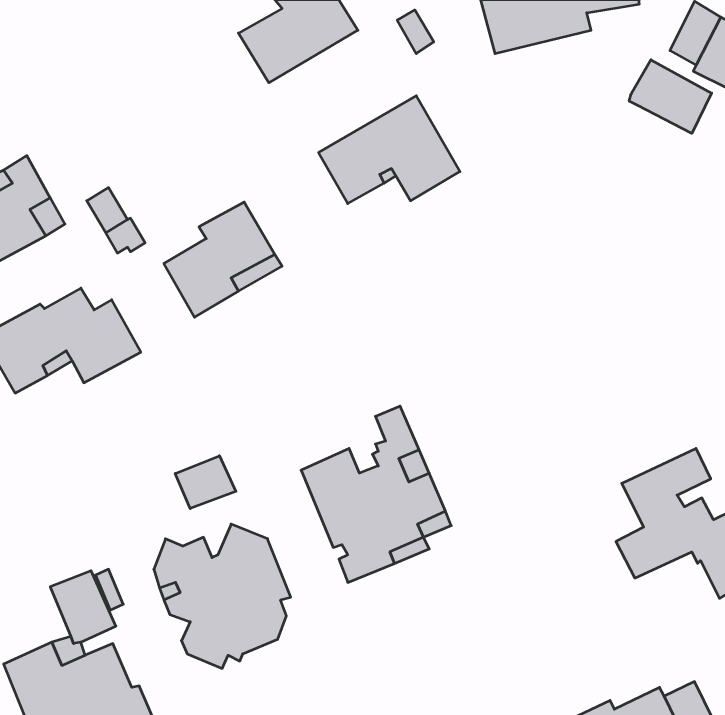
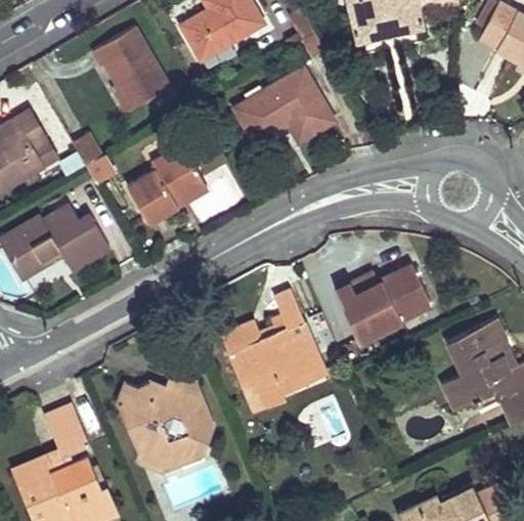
building: none -> [91,30,169,111]
building: [629,60,712,133] -> none
building: none -> [335,265,432,340]
building: [175,456,236,509] -> none

